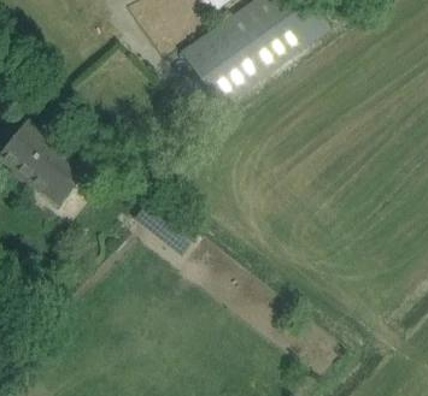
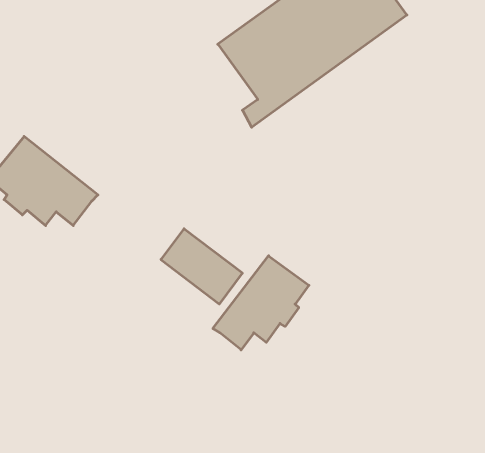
building: none -> [213,256,309,350]

